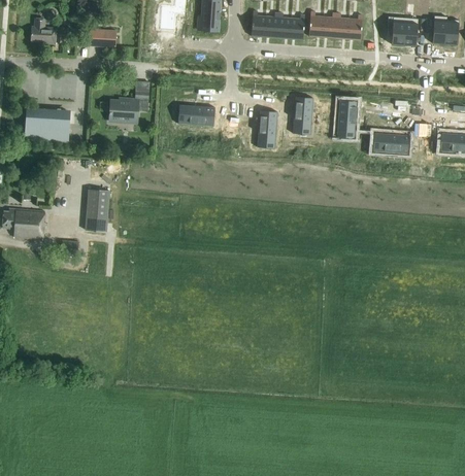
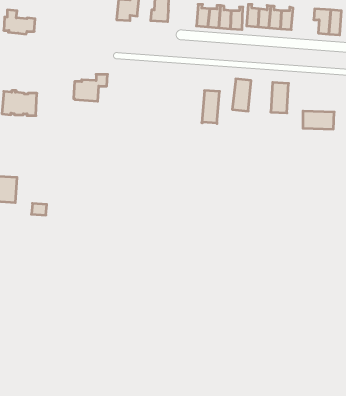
building: [90,28,117,46] -> none
building: [176,104,214,126] -> none
building: [86,189,110,232] -> none

